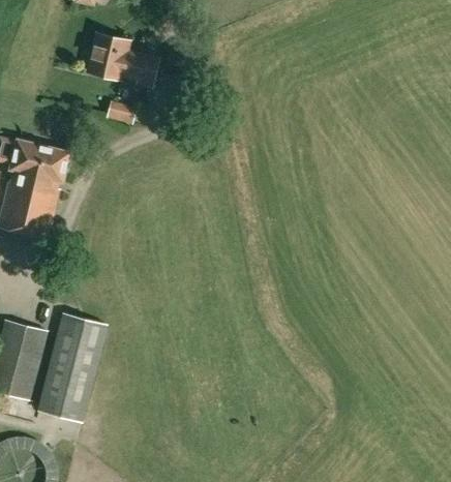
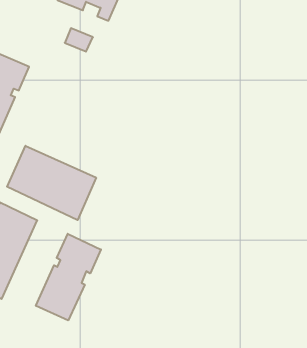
building: none -> [7,146,96,220]
building: none -> [36,234,101,320]

